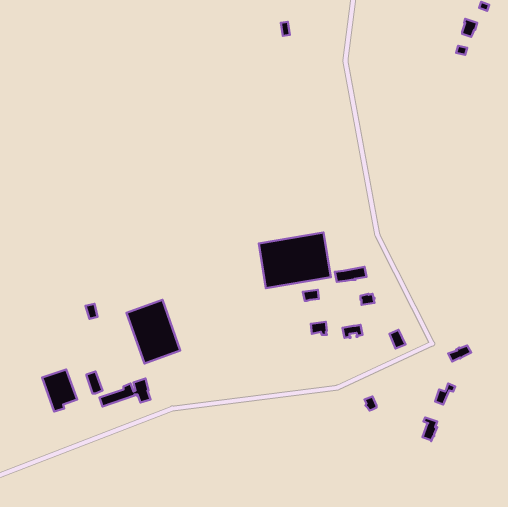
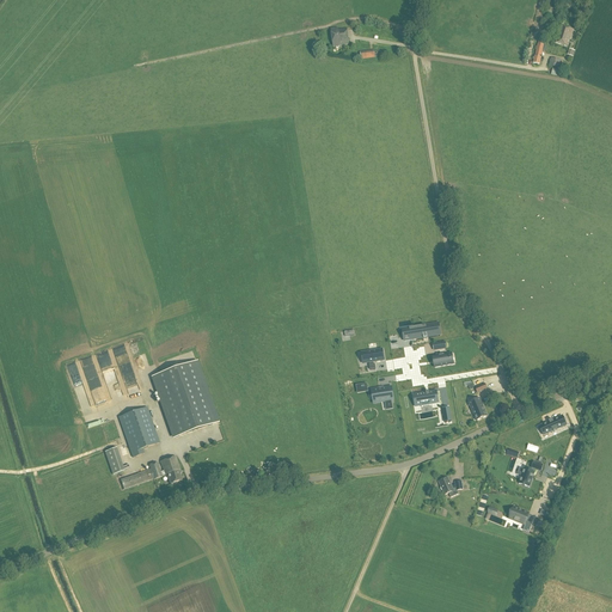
building: [259,233,331,288] -> none
building: [42,370,77,411] -> [117,405,159,455]

